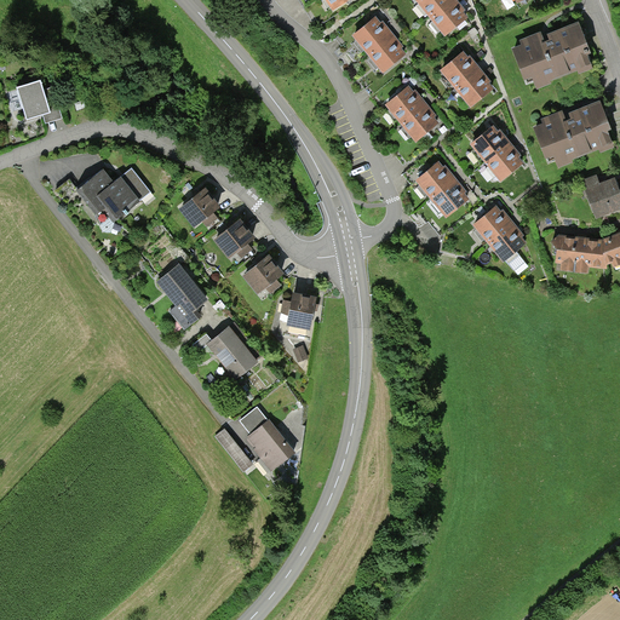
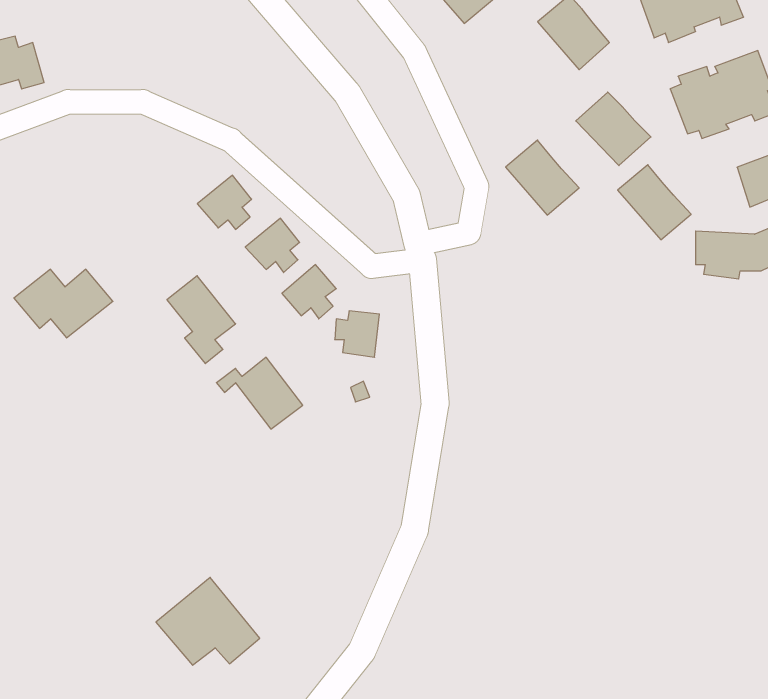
building: [383,86,438,143] -> none
building: [76,168,151,220] -> [14,269,113,338]
building: [471,206,527,263] -> [618,165,691,240]
building: [217,401,295,467] -> [156,577,260,665]

